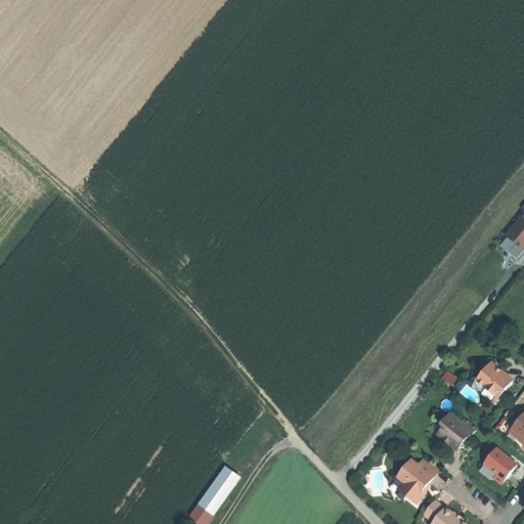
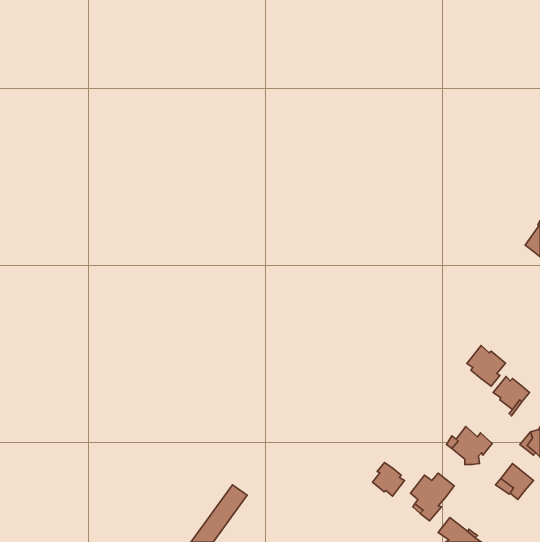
building: none -> [467,346,505,386]
building: none -> [372,462,405,496]

